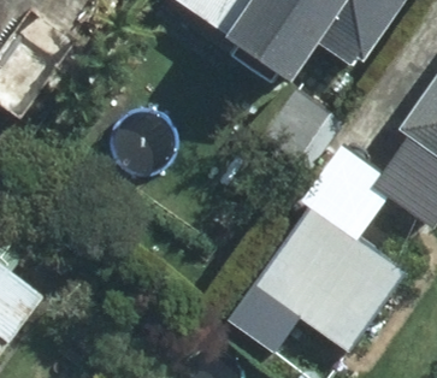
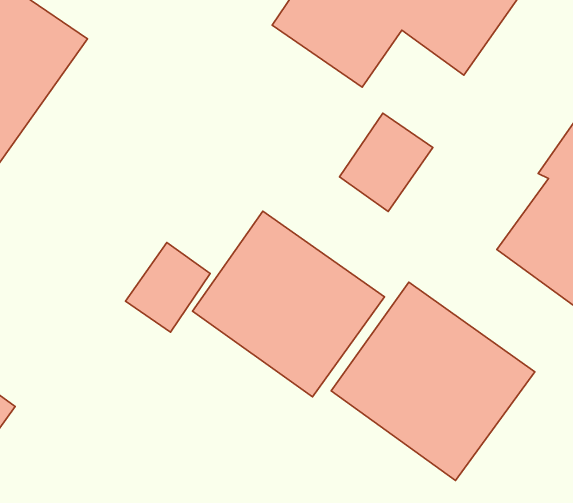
building: none -> [193,211,384,397]

